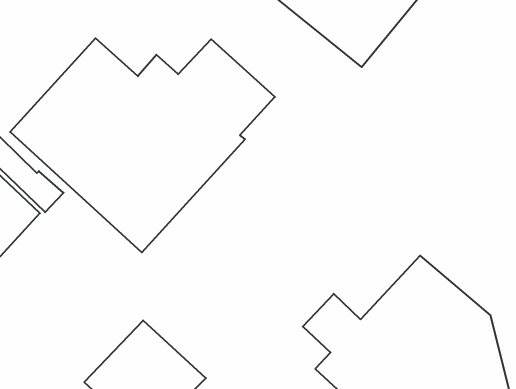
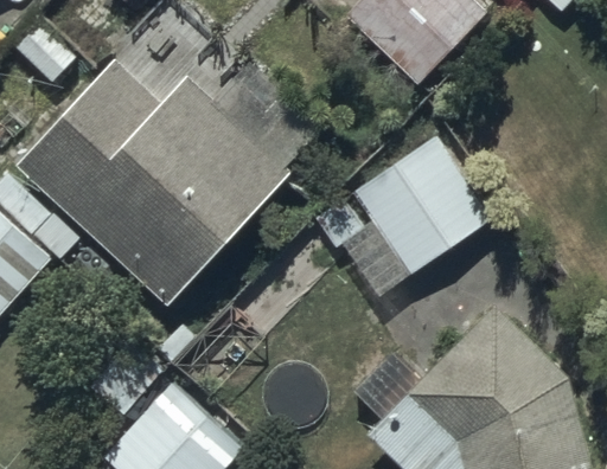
building: none -> [318,137,490,297]

